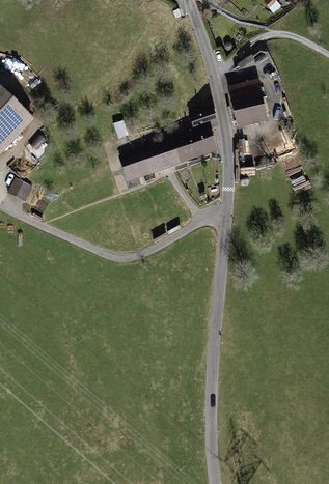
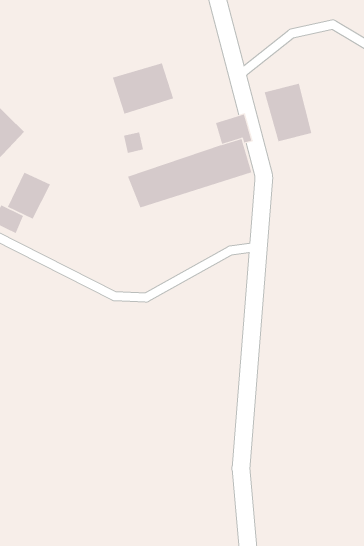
building: none -> [112,62,174,114]
building: none -> [7,172,51,219]

